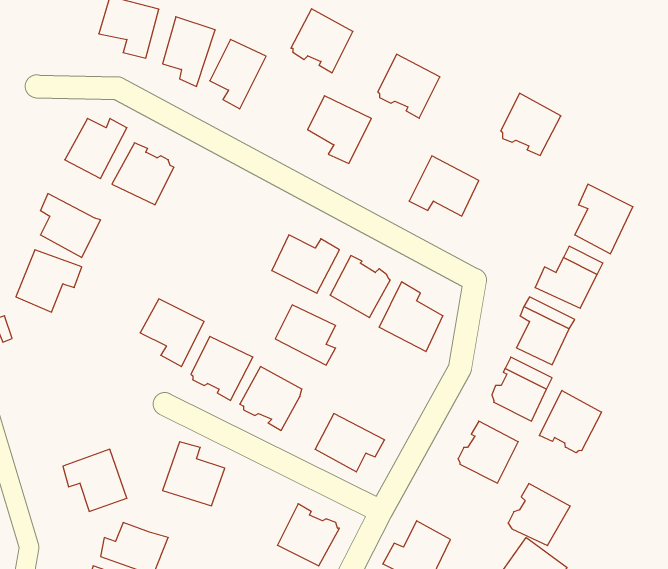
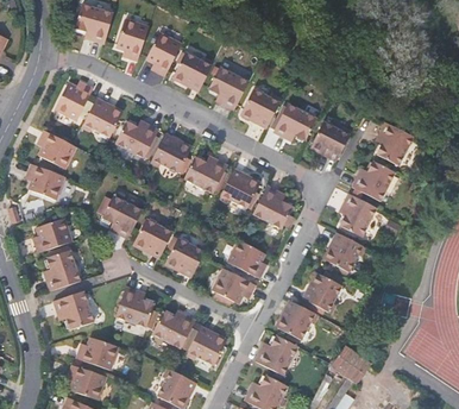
building: [291,9,353,73] -> [171,51,210,92]
building: [378,54,440,118] -> [239,89,278,130]
building: [501,93,561,155] -> [310,121,348,161]
building: none -> [115,119,159,156]
building: none -> [152,132,190,171]
building: [275,305,336,365] -> [227,240,265,278]
building: none -> [32,216,70,252]
building: none -> [44,250,78,290]
building: [539,390,602,453] -> none
building: none -> [152,310,195,347]
building: [508,484,570,546] -> [276,300,315,339]

